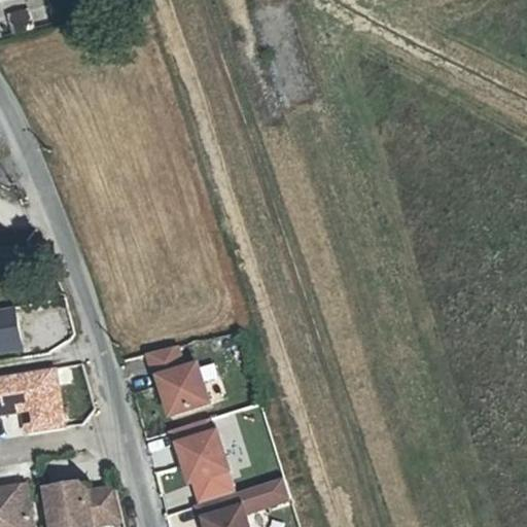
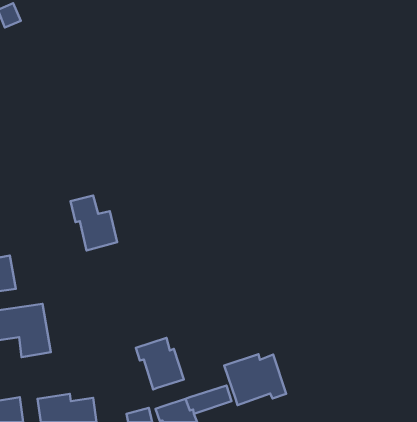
building: [146,346,204,414] -> [71,195,117,250]
building: none -> [224,354,286,405]
building: [195,469,235,502] -> none

